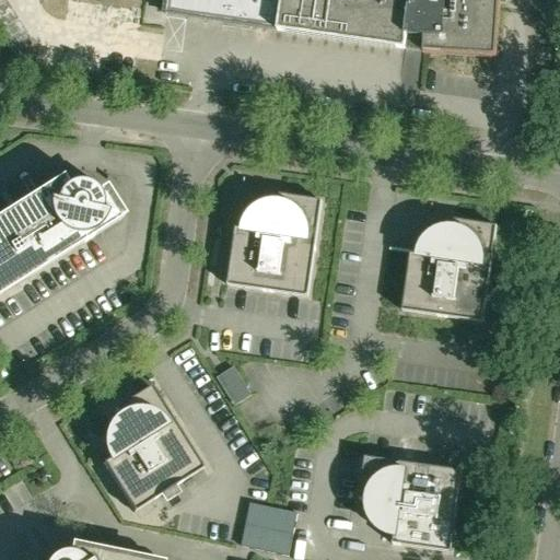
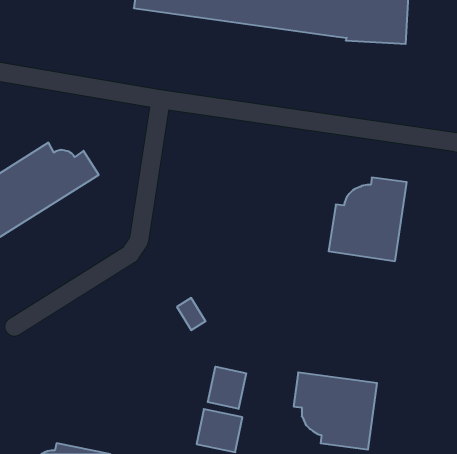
building: [225,190,320,293] -> none
building: [101,382,200,508] -> none
building: none -> [208,367,246,409]

